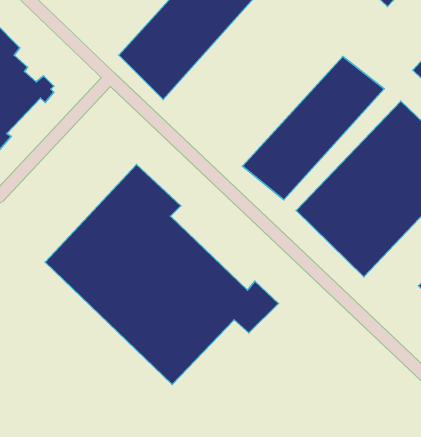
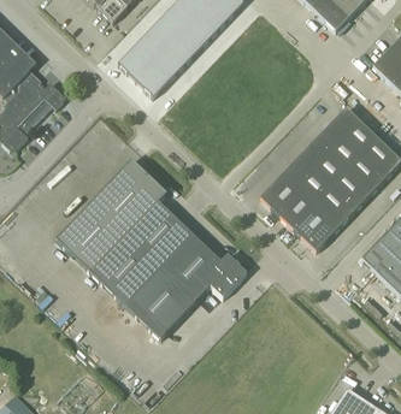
building: [243,57,384,200] -> none

